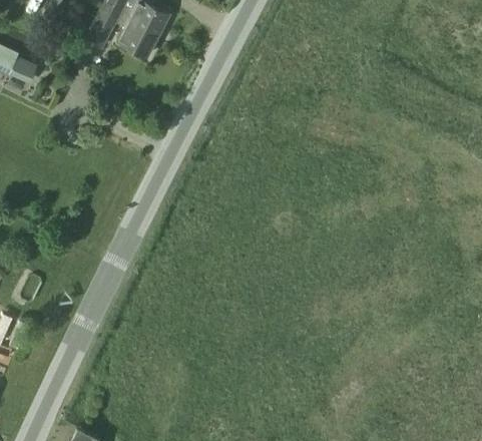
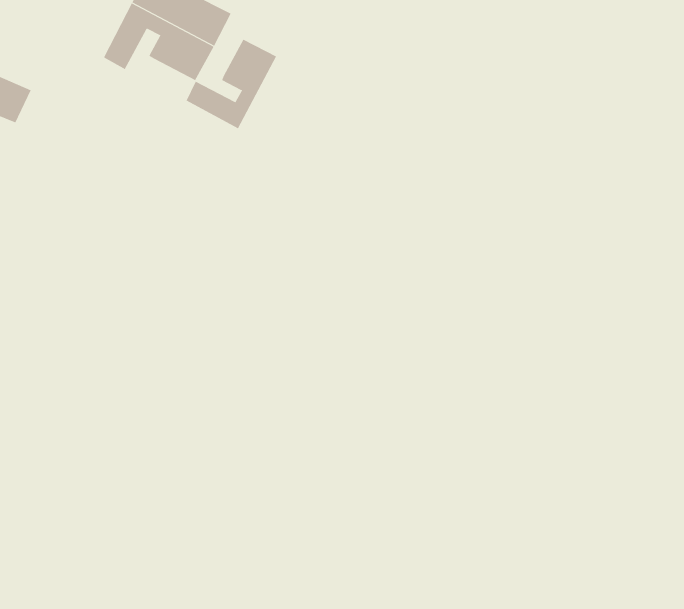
building: none -> [186,39,277,129]

